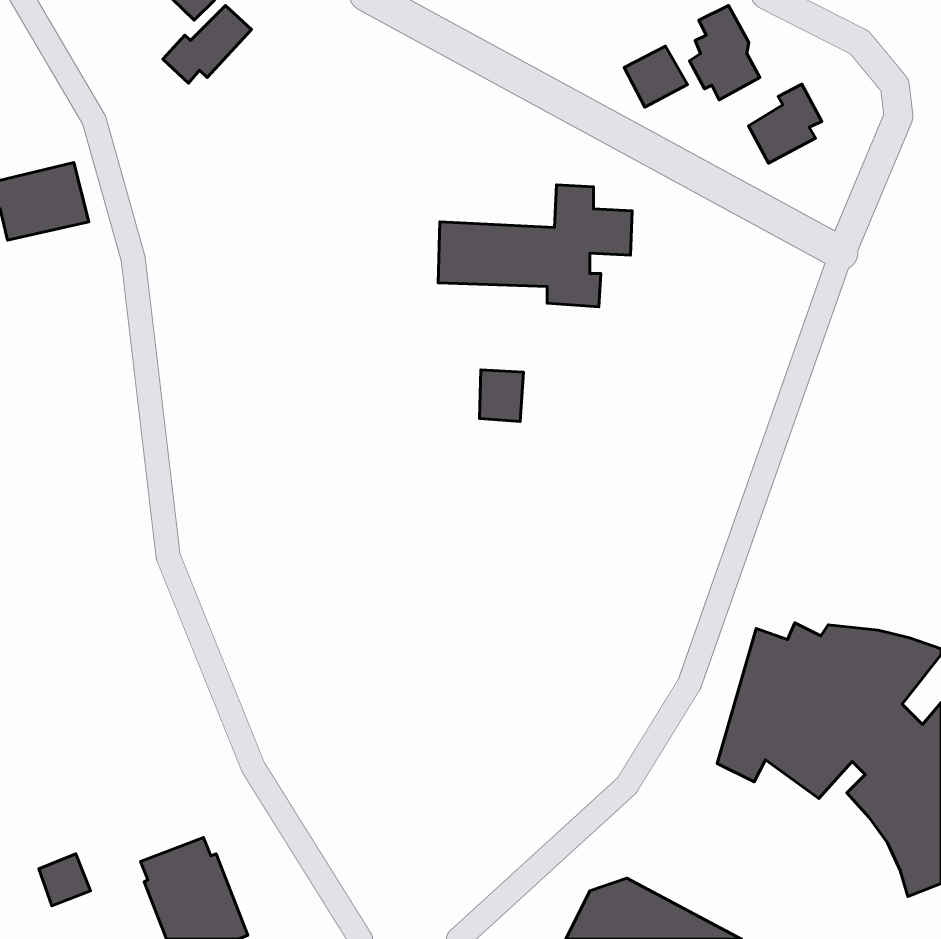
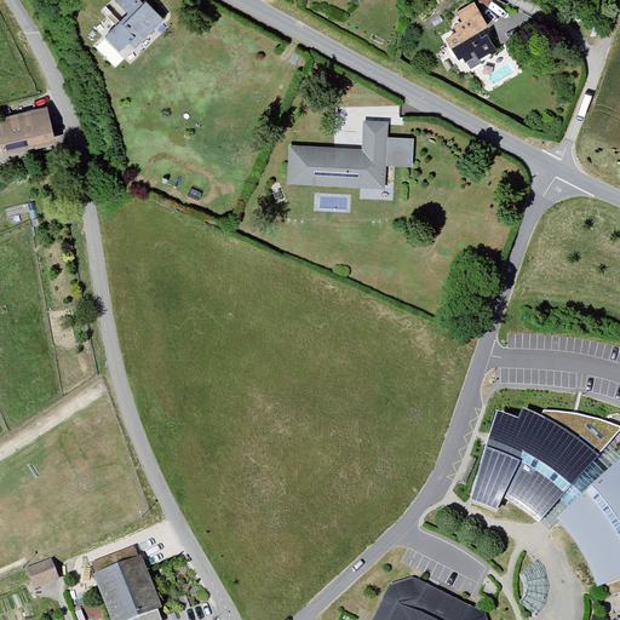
building: [624,46,687,107] -> none
building: [748,84,822,163] -> none
building: [480,370,523,421] -> none

